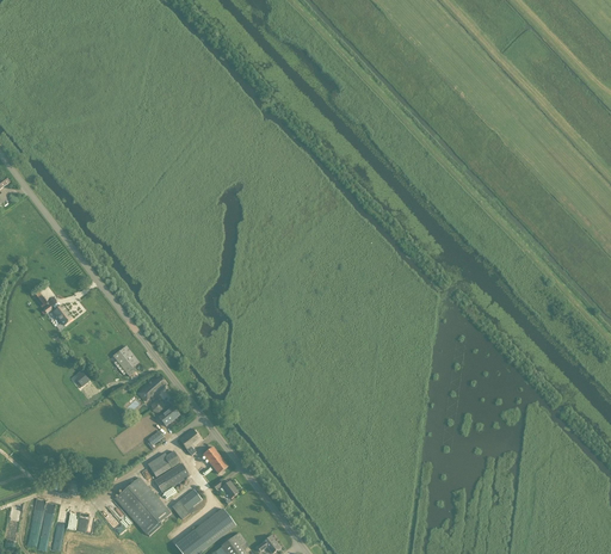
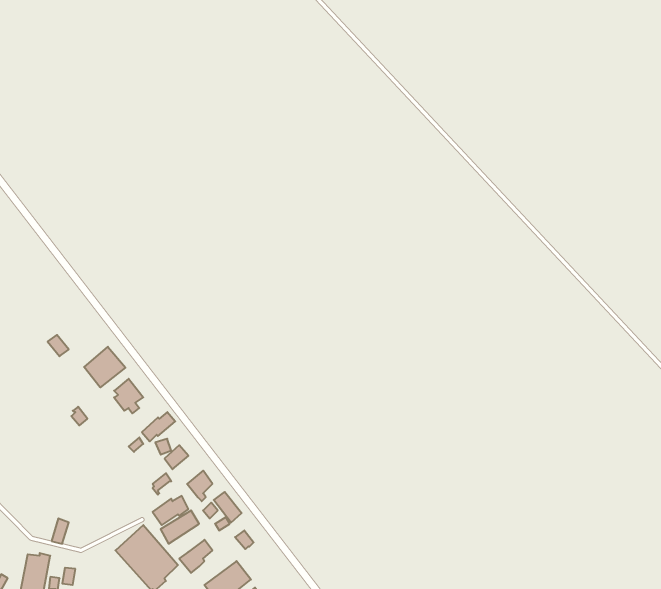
building: none -> [84,347,125,387]

